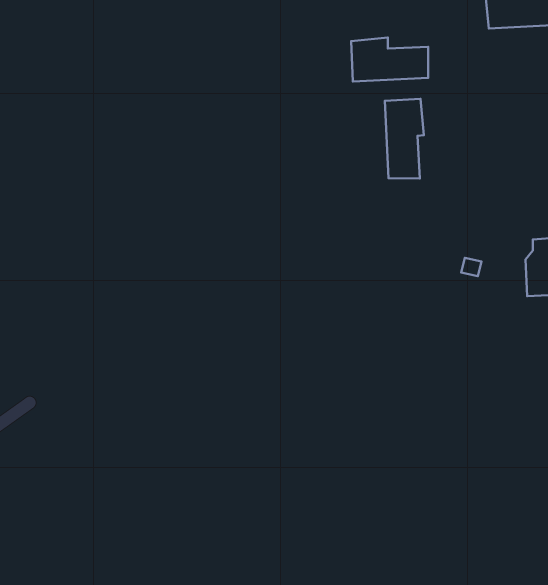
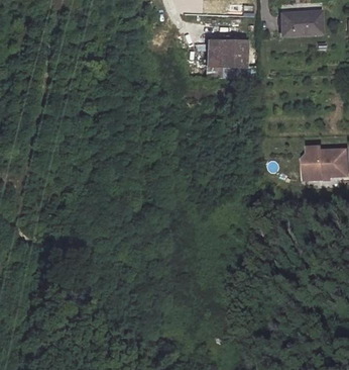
building: [385,99,424,179] -> none

